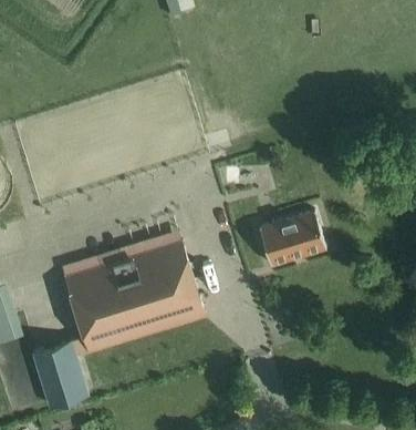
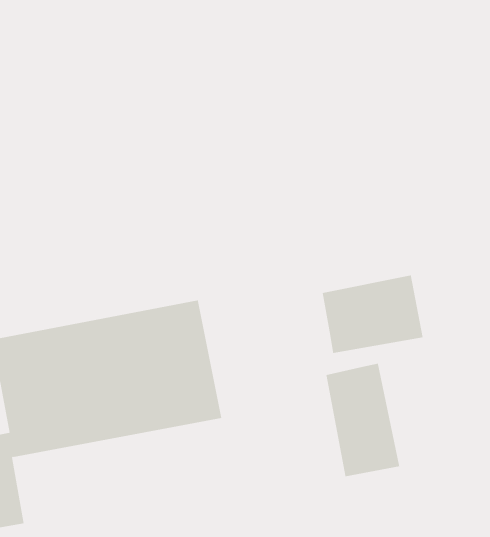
building: none -> [326,363,400,477]

